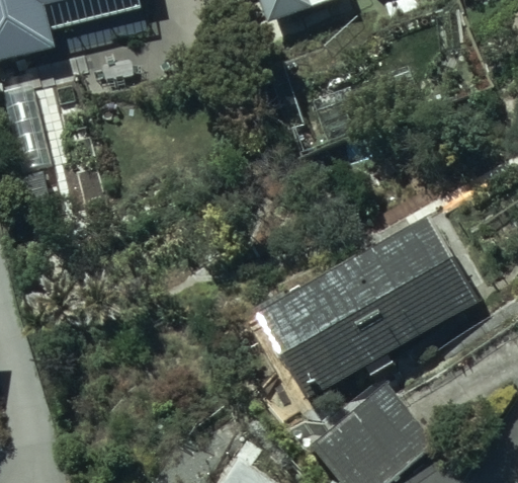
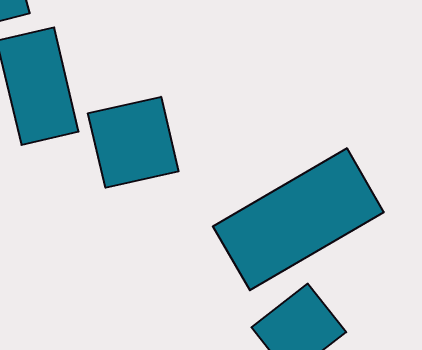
building: none -> [88,97,179,188]

